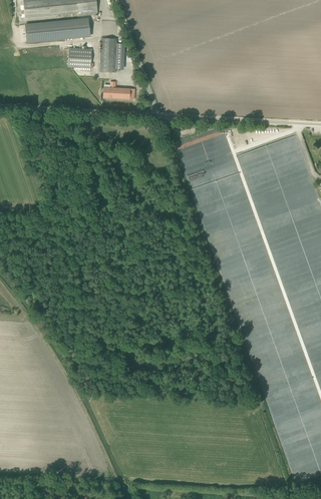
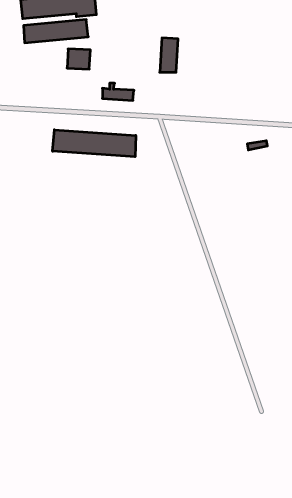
building: [99,39,117,73] -> [160,38,178,72]
building: none -> [53,130,136,157]

